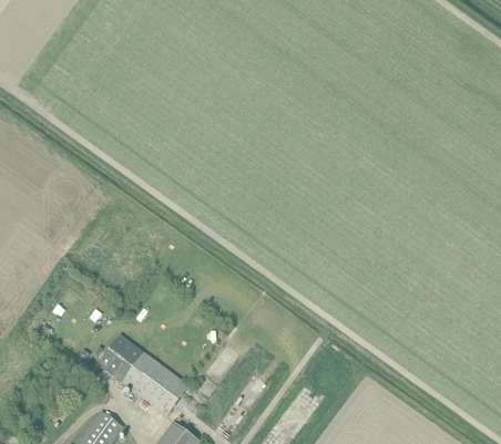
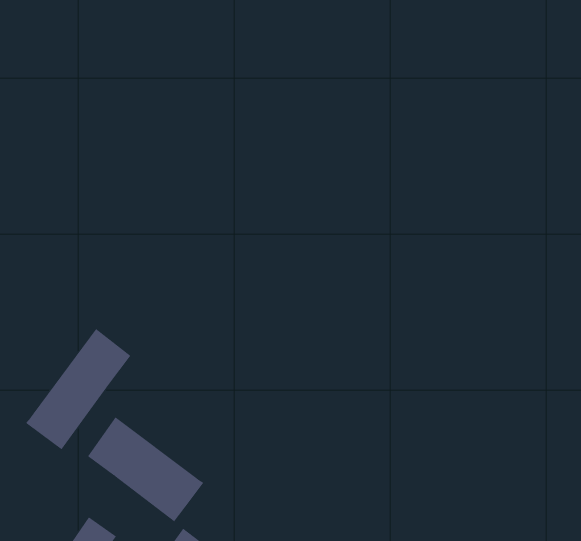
building: none -> [25,328,131,450]

